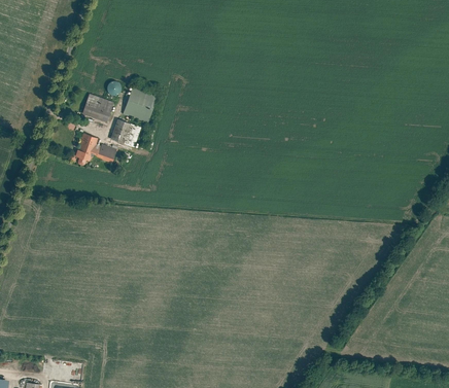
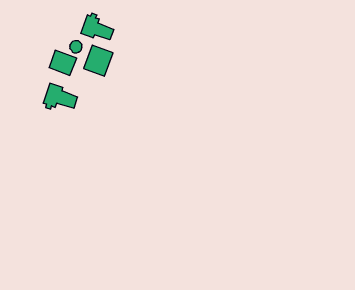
building: none -> [81,13,114,40]
building: [112,118,141,145] -> none

